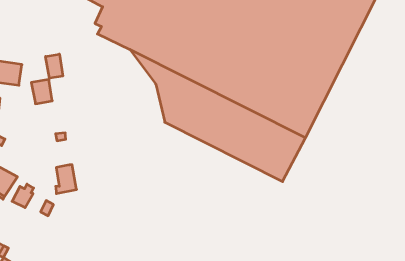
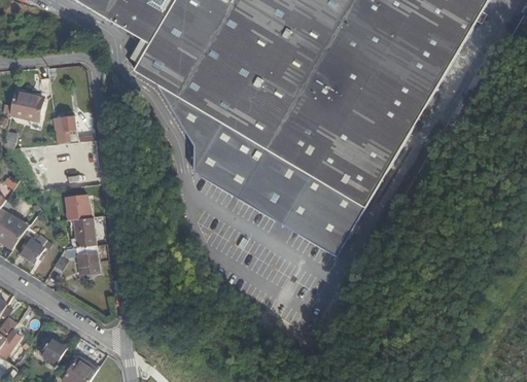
building: [46,54,63,78] -> none
building: none -> [66,196,90,220]
building: none -> [64,246,99,274]

